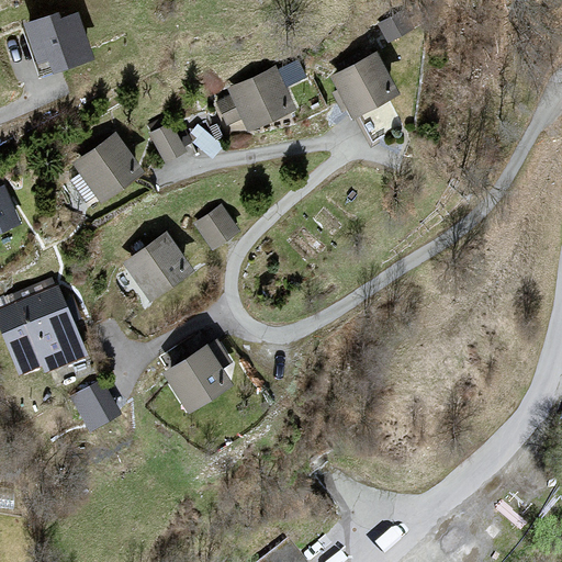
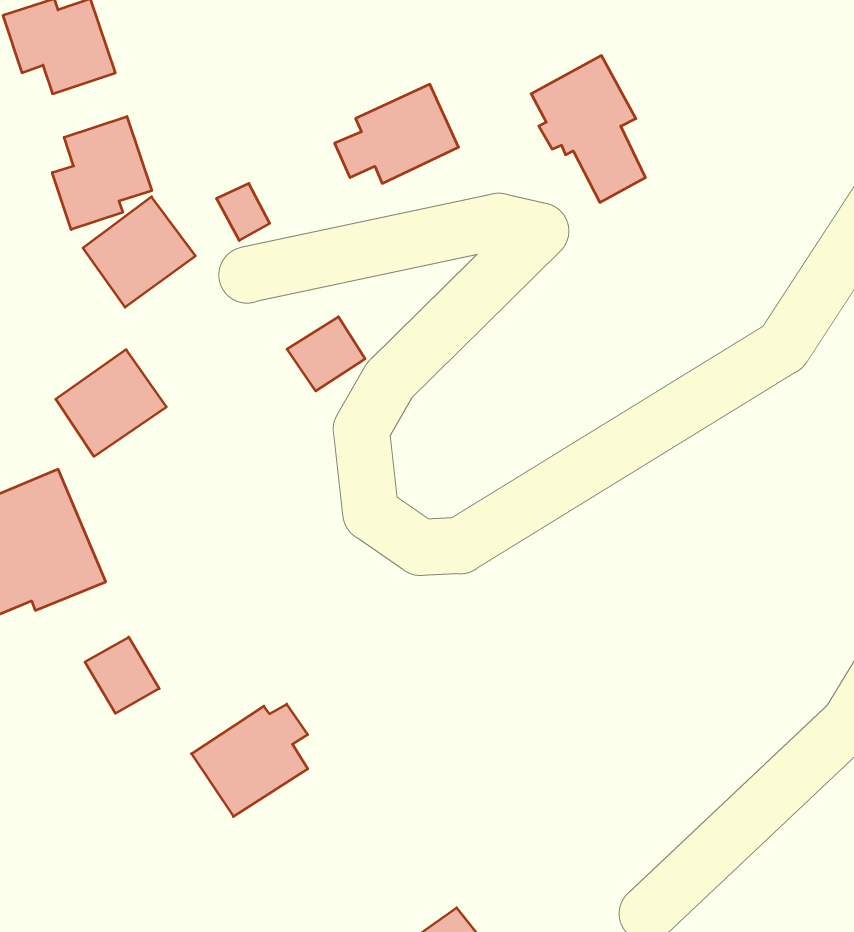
building: none -> [52,116,152,230]
building: [124,233,188,294] -> [56,350,166,456]
building: [161,342,228,407] -> [191,704,308,817]

